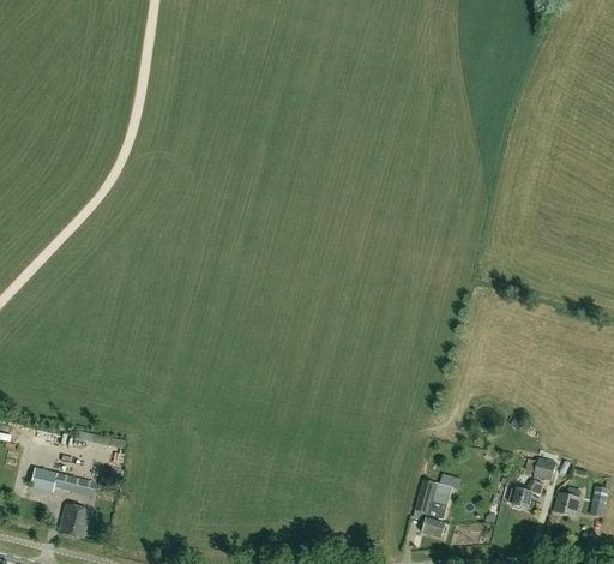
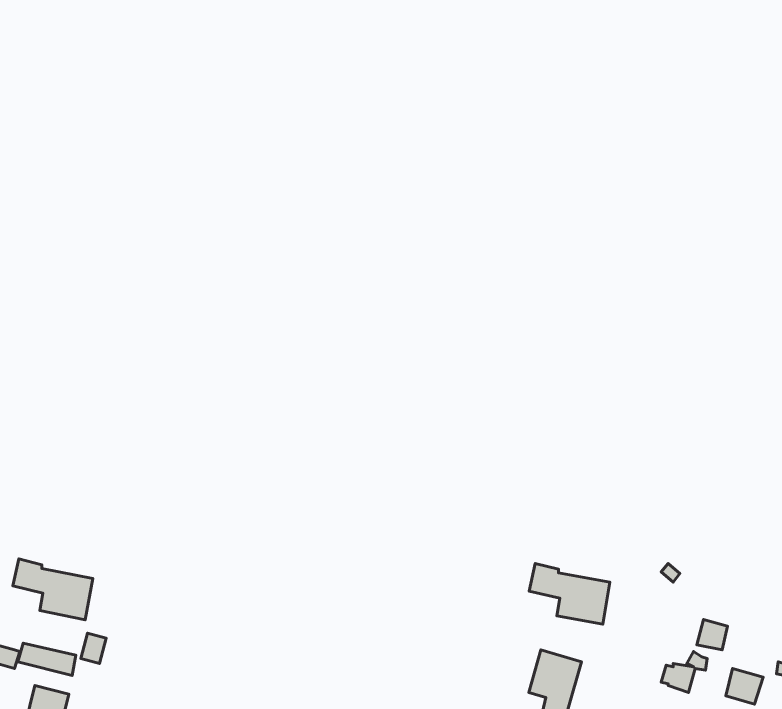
building: none -> [13,559,93,620]
building: none -> [529,564,610,624]

